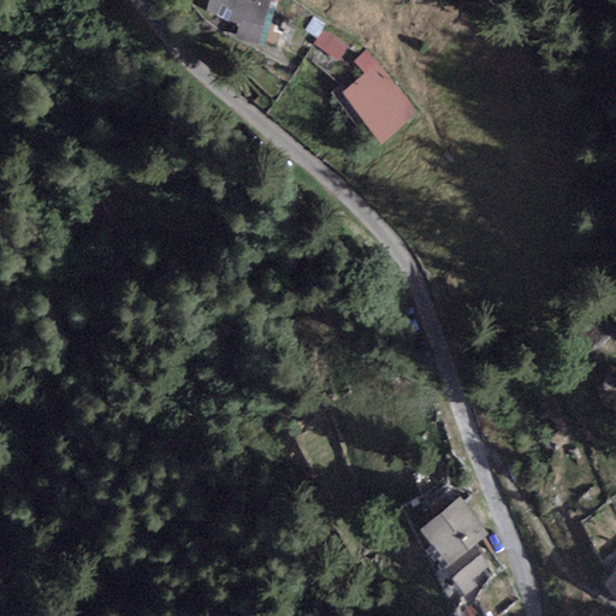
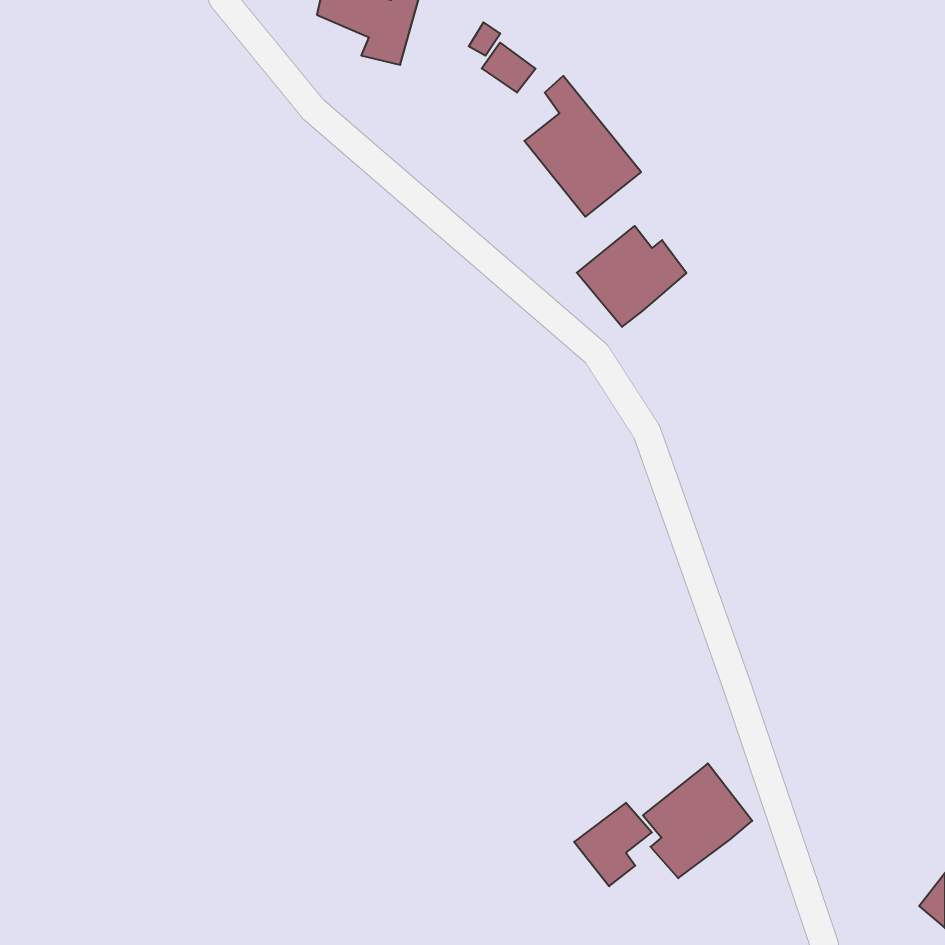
building: none -> [577,226,686,327]
building: [440,545,491,599] -> [574,803,652,886]

